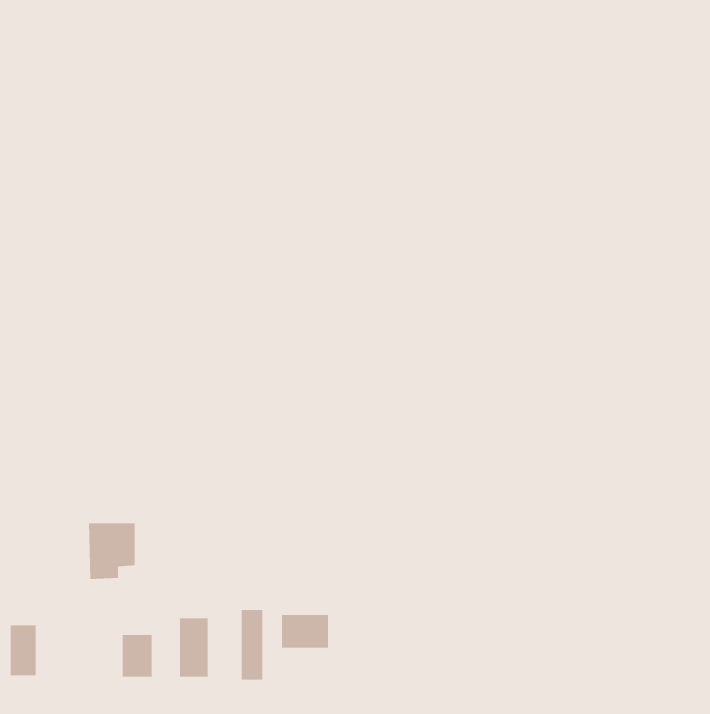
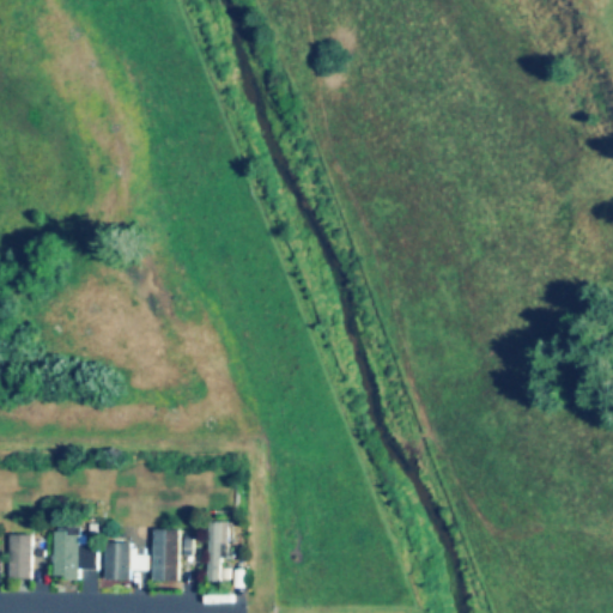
building: [88,522,136,580] -> [53,532,93,581]
building: [281,614,329,648] -> none

